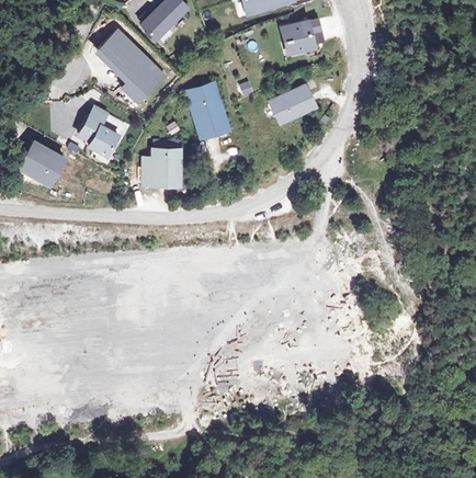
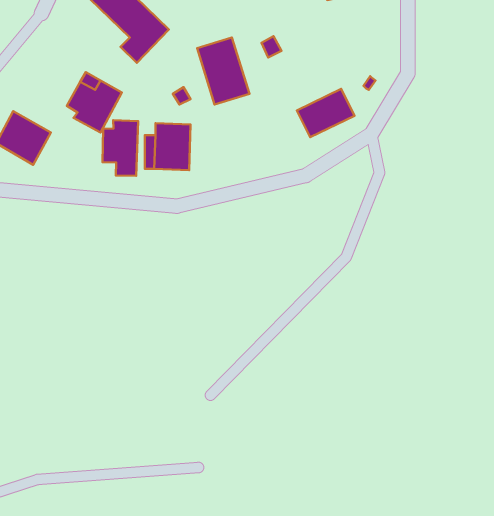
building: [271,83,318,123] -> [297,89,354,137]
building: none -> [102,120,138,176]

